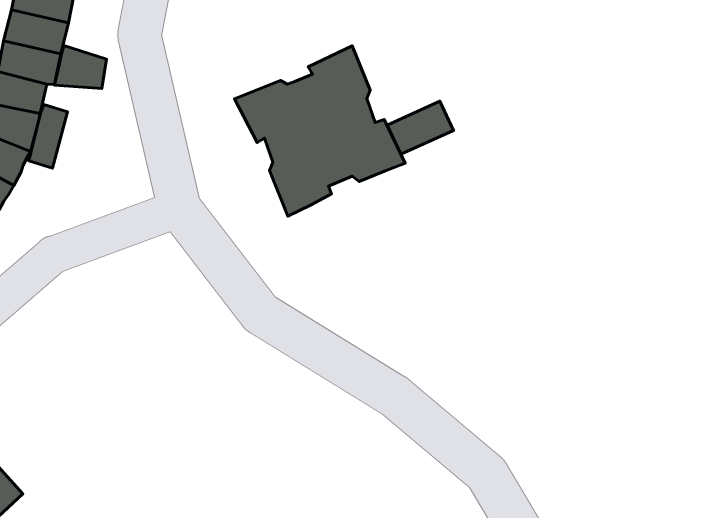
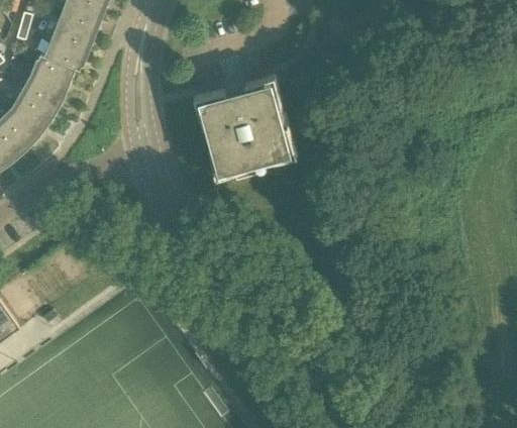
building: [55,45,106,88] -> none
building: [387,101,453,154] -> none
building: [29,104,68,168] -> none

